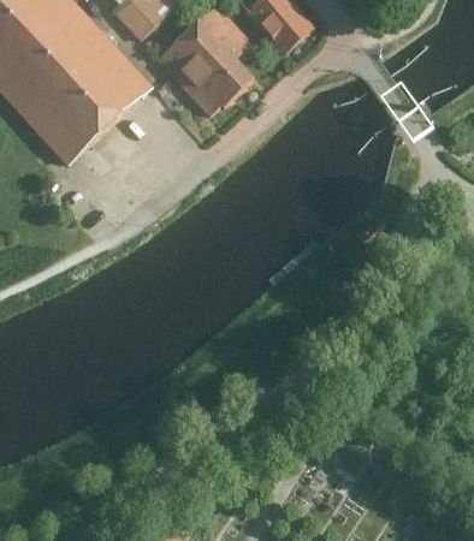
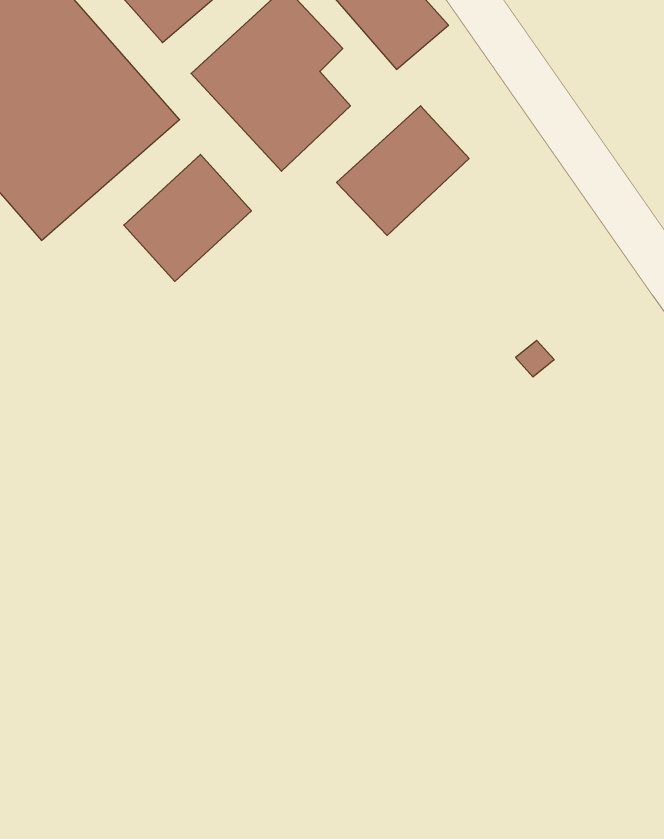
building: none -> [337,106,469,235]
building: none -> [124,154,251,281]

